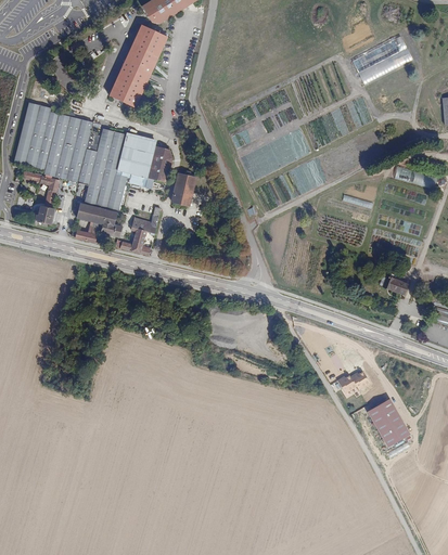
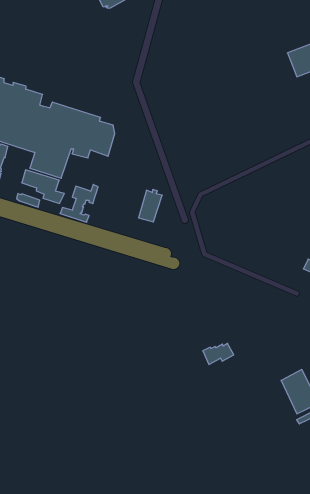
building: [108,24,167,107] -> none
building: [171,170,195,205] -> [139,190,162,222]
building: [337,370,371,393] -> [203,343,234,364]

